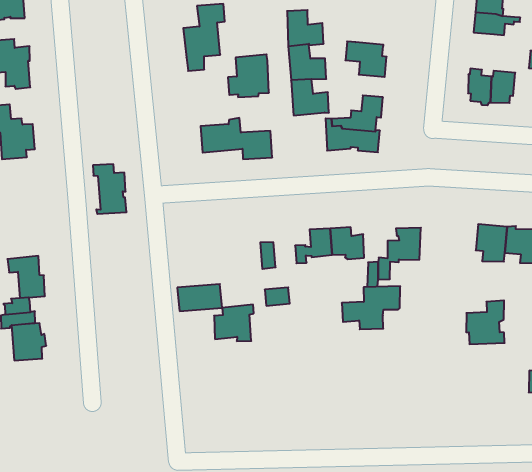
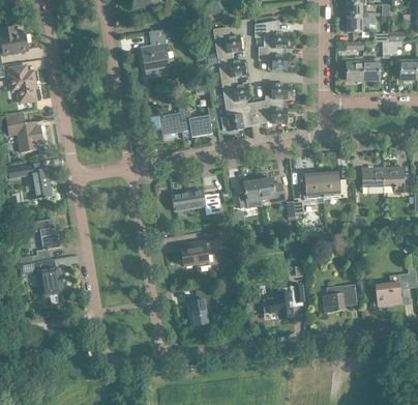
building: none -> [255,19,287,47]
building: [228,54,269,97] -> [220,97,250,129]
building: [93,164,127,214] -> [25,162,52,198]
building: none -> [322,172,347,197]
building: [177,284,222,311] -> [172,189,205,210]
building: [342,286,400,329] -> [262,284,303,317]
building: [466,300,505,344] -> [376,272,405,306]
building: none -> [189,287,213,324]
building: none -> [322,283,357,312]

